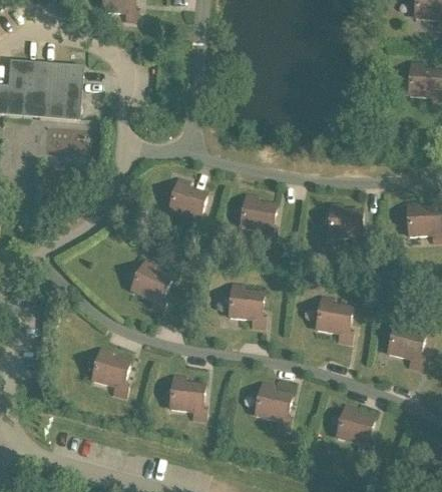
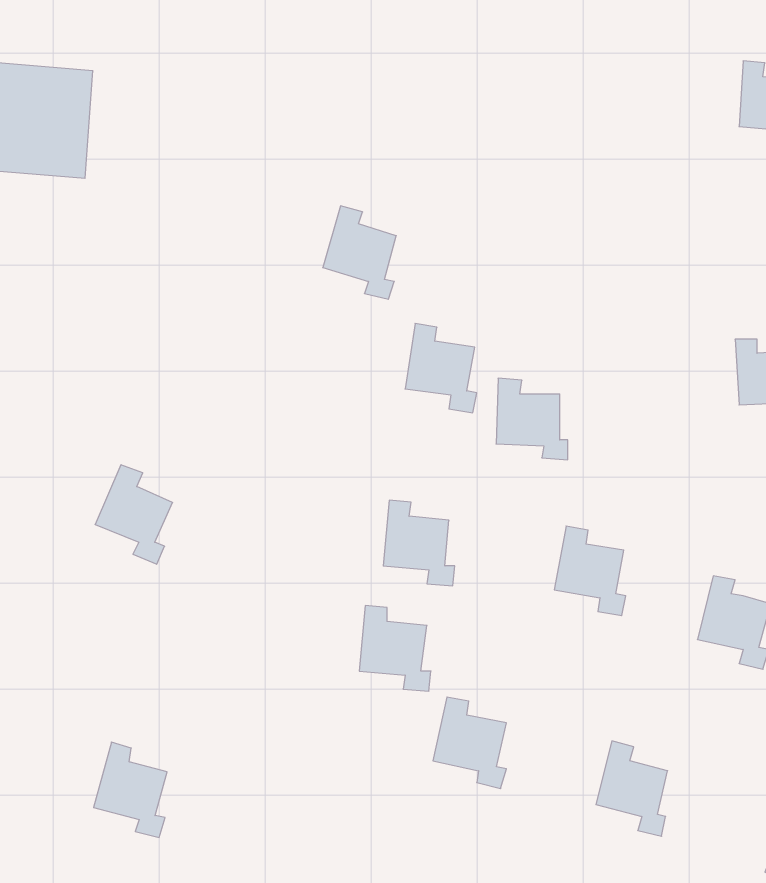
building: [168,177,205,224] -> [323,206,396,299]
building: [328,201,364,242] -> [496,378,568,460]
building: [130,259,169,309] -> [95,465,173,564]
building: [91,346,128,394] -> [94,742,167,837]
building: [169,374,205,417] -> [359,606,431,691]

